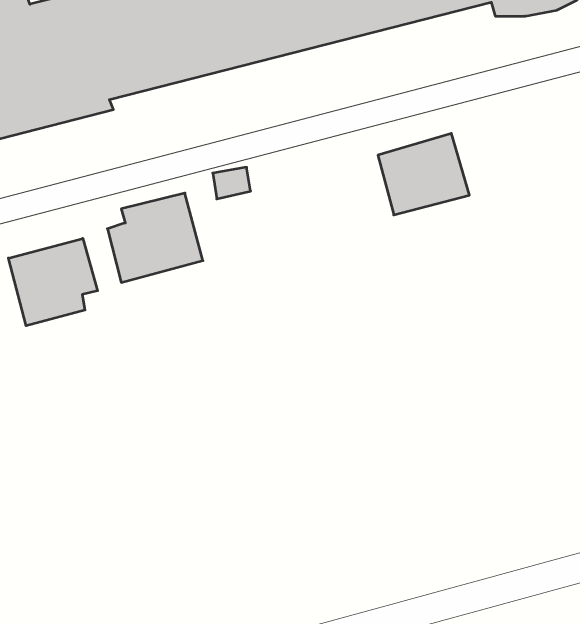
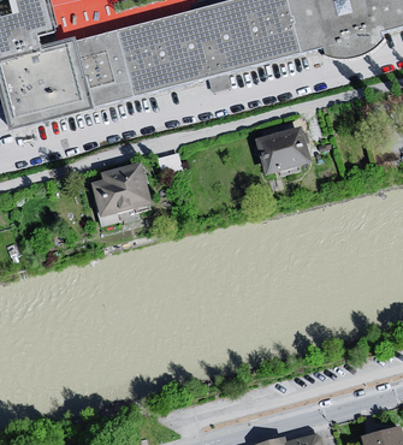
building: [8,238,98,326] -> none

